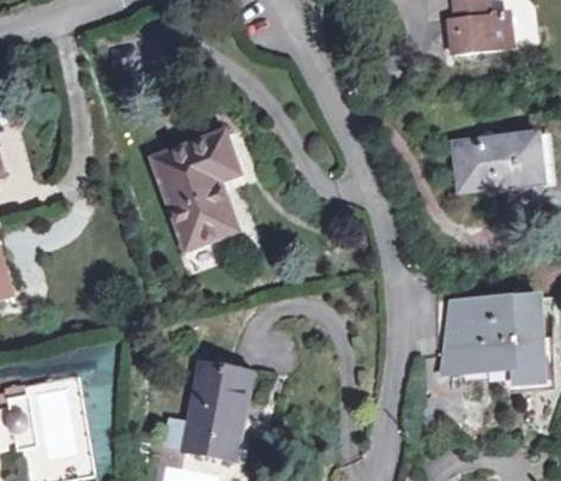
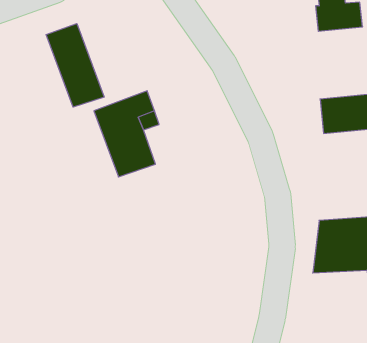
building: none -> [46,24,104,107]
building: [185,362,253,458] -> none

